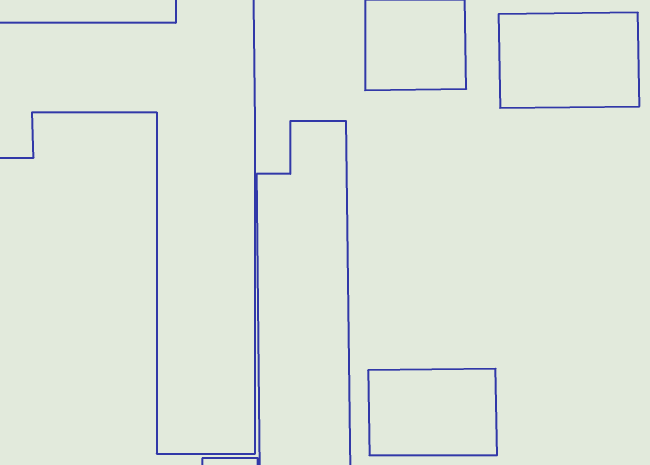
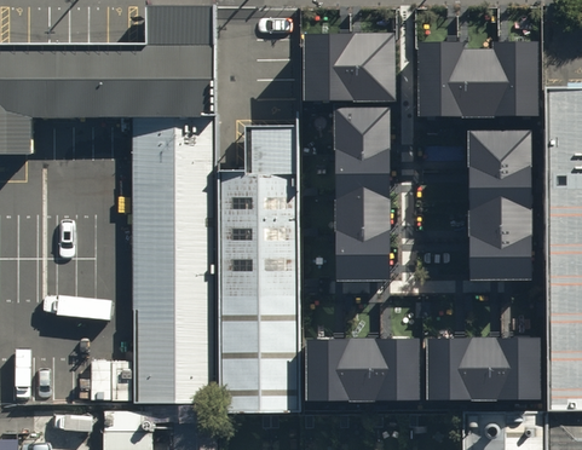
building: none -> [334,108,390,281]
building: none -> [467,128,529,278]
building: none -> [428,336,537,404]

